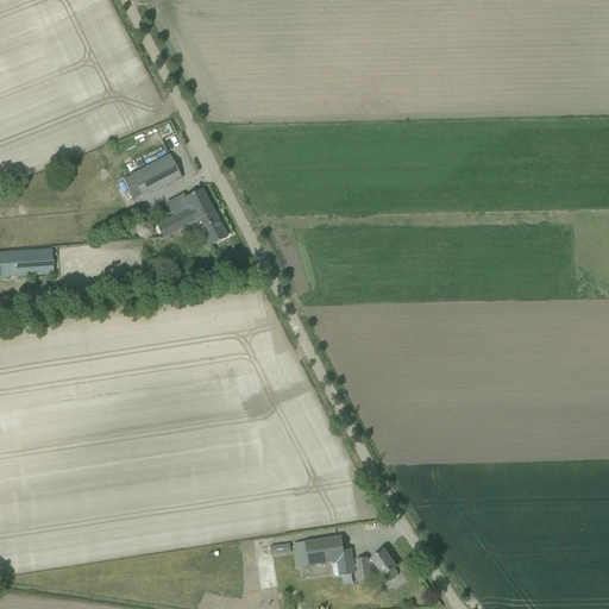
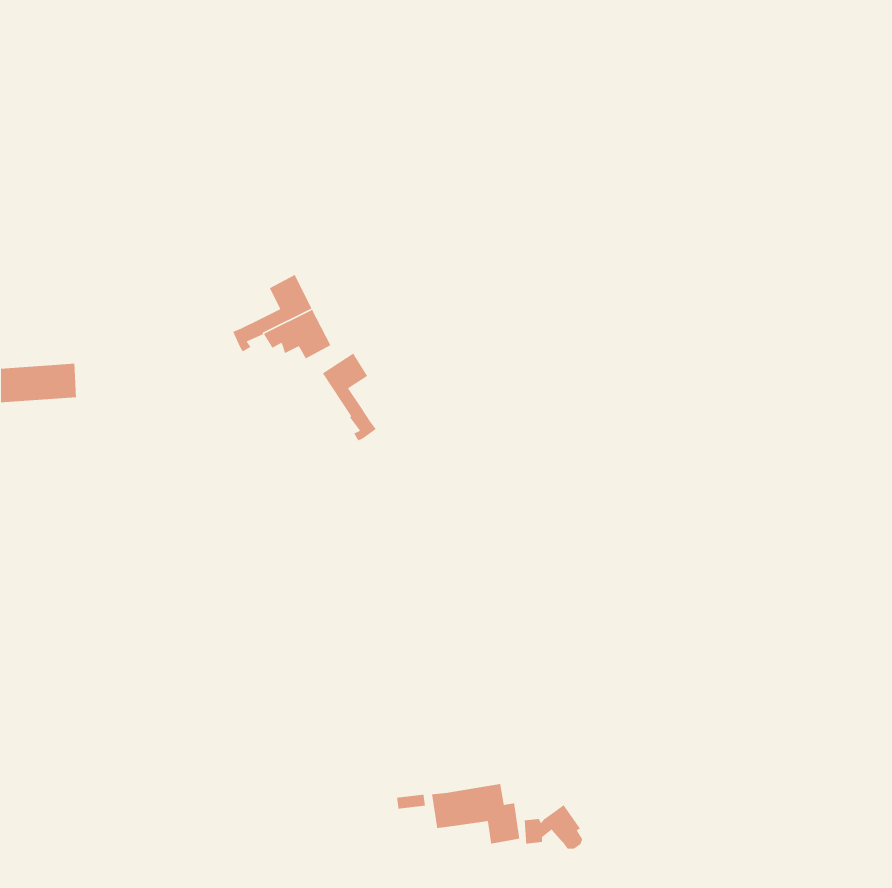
building: [130,153,180,194] -> none
building: none -> [322,353,377,442]

